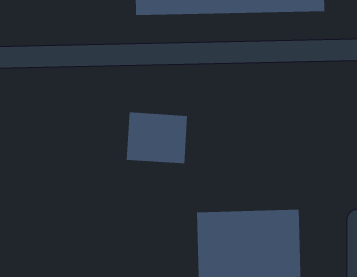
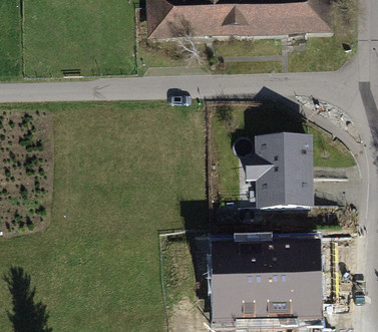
building: [126,112,188,164] -> [242,139,305,193]

